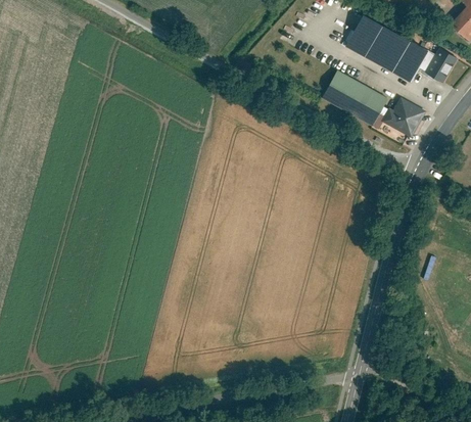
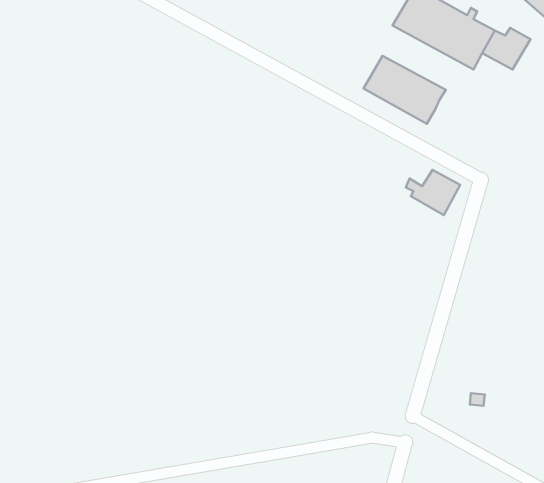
building: [380,99,424,136] -> [406,170,460,215]

